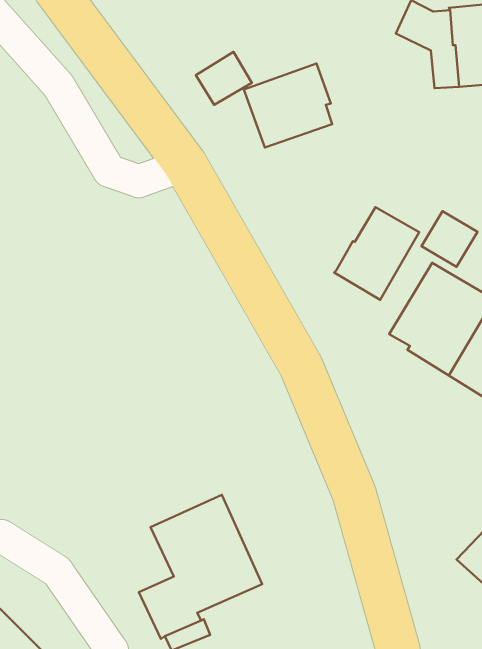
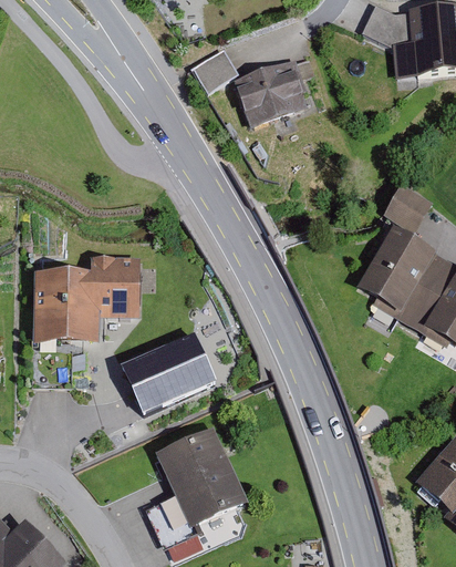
building: [334,207,419,300] -> none
building: none -> [34,256,141,343]
building: none -> [132,333,213,411]

